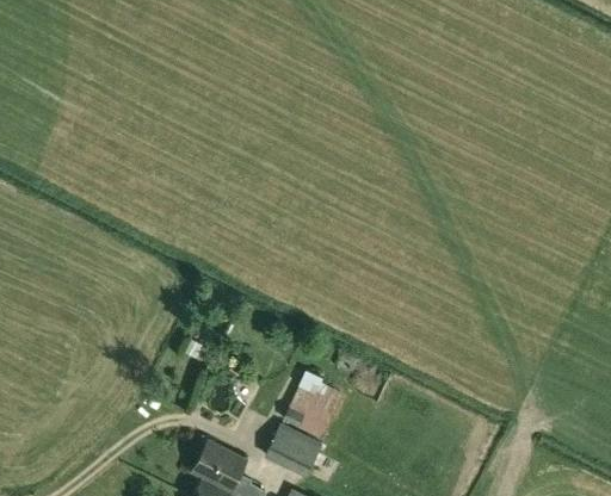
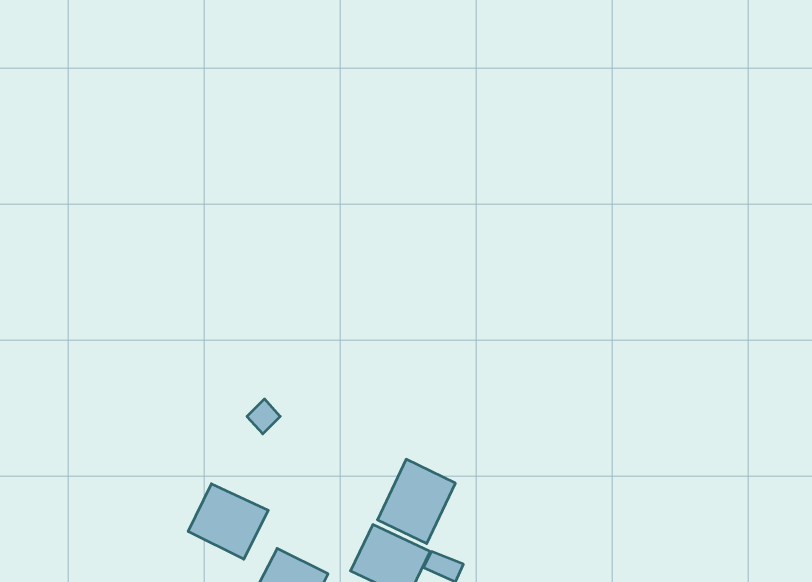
building: none -> [188,484,268,559]

